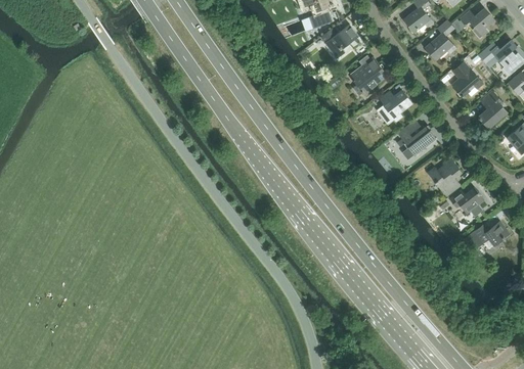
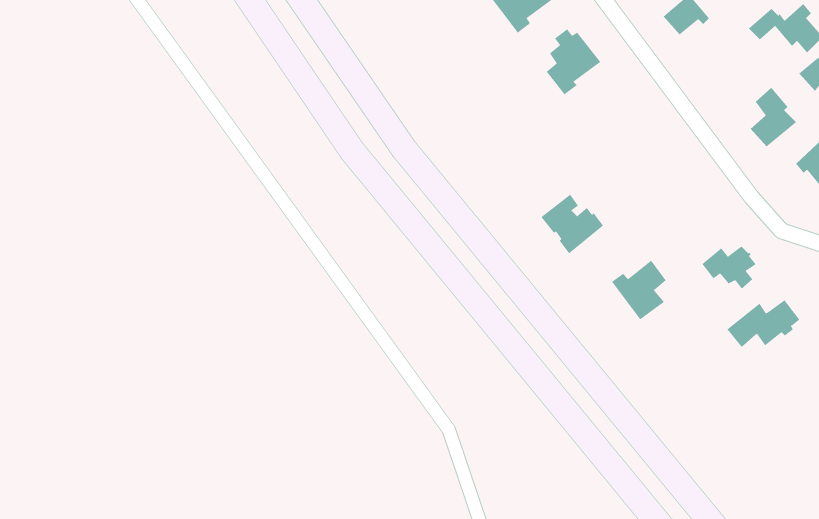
building: [452,62,483,96] -> none
building: [378,90,412,124] -> none
building: [397,119,436,155] -> [540,194,604,254]
building: [428,159,462,196] -> [611,260,666,320]

